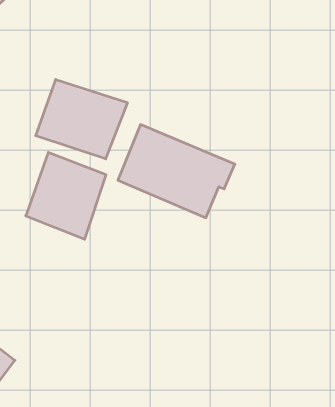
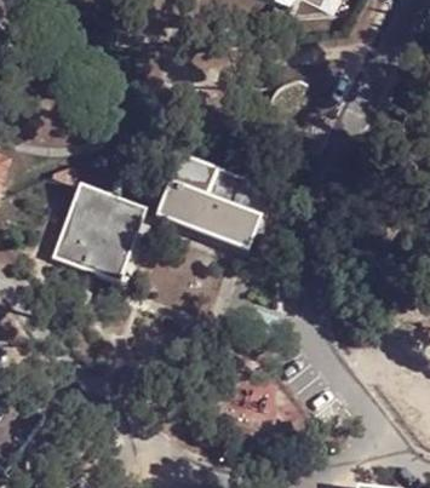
building: [36,79,127,159] -> none

